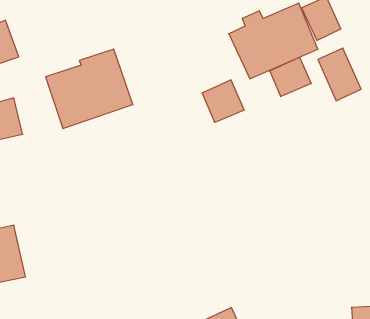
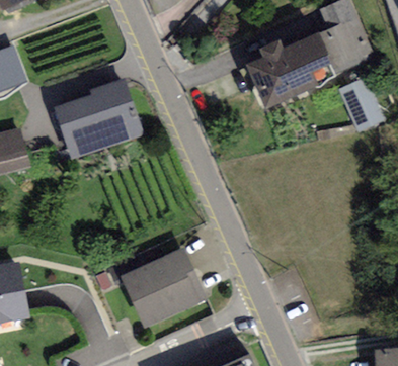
building: [270,57,311,97] -> none
building: [202,80,244,122] -> none
building: none -> [120,247,208,330]

